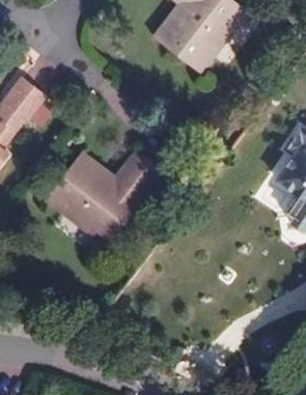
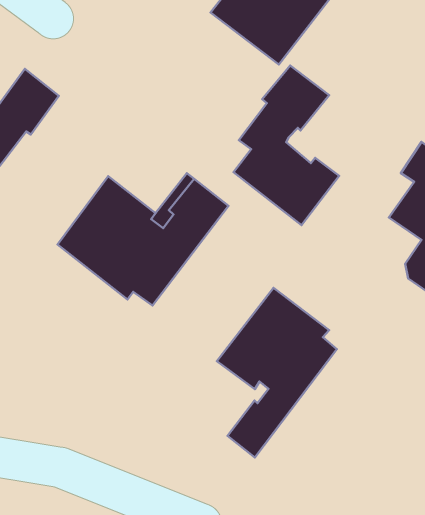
building: none -> [233,65,339,225]
building: none -> [217,288,337,457]

